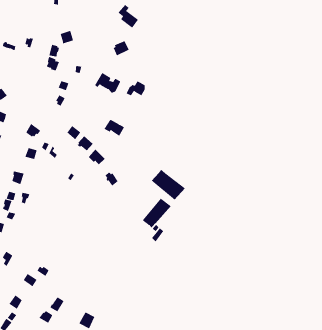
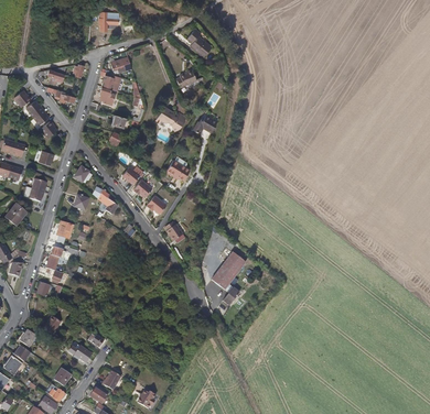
building: [151,169,186,201] -> none

